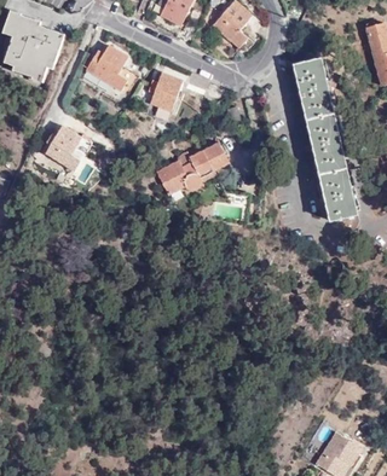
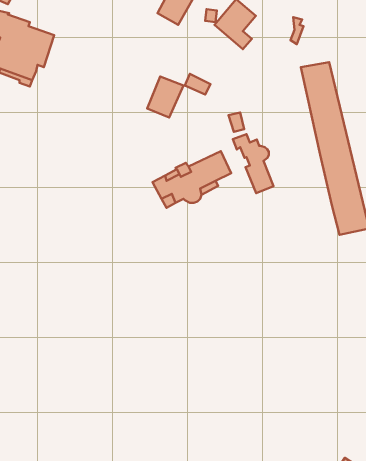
building: [85,45,135,94] -> none
building: [40,124,89,170] -> none
building: none -> [233,134,273,193]

